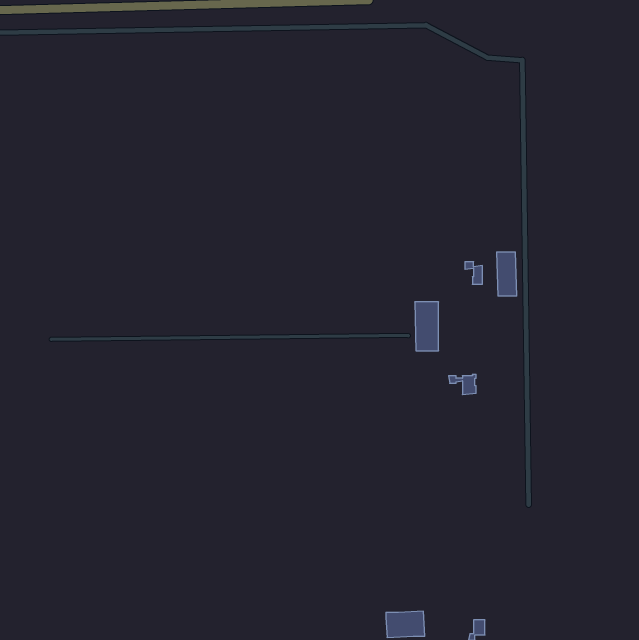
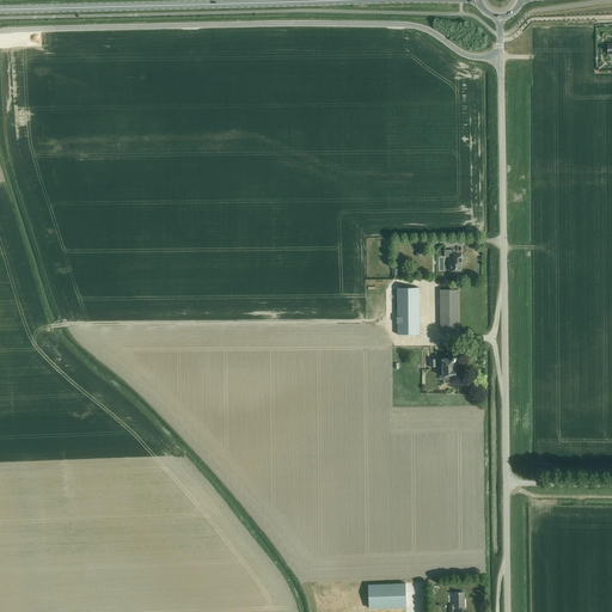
building: [497,252,517,296] -> [439,289,458,331]

